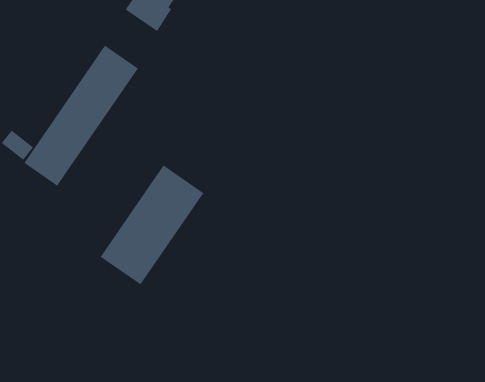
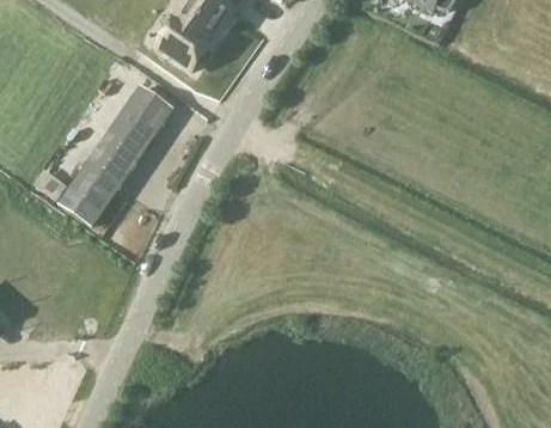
building: [100,165,204,285] -> none

